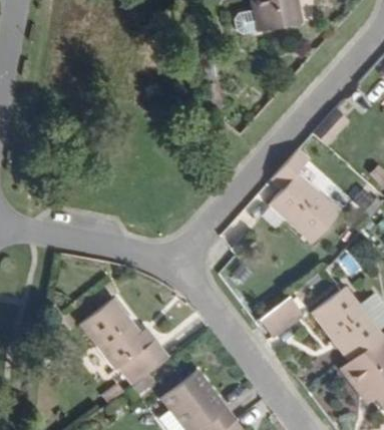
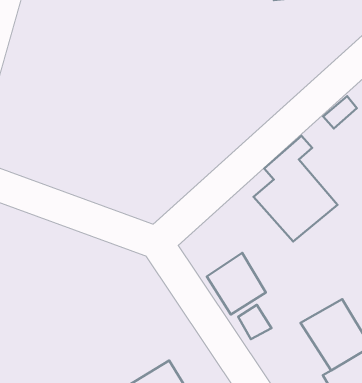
building: none -> [207,253,266,314]
building: [81,297,170,377] -> none

